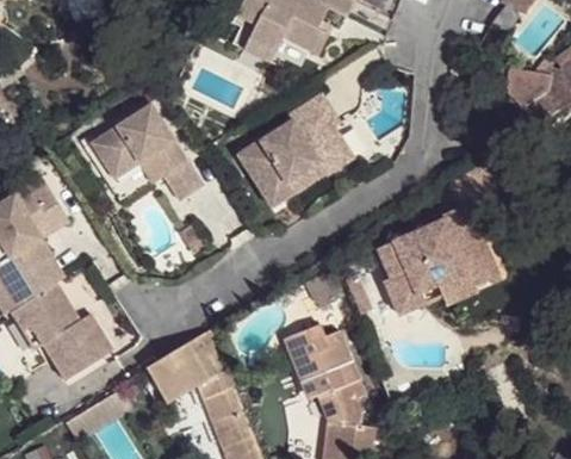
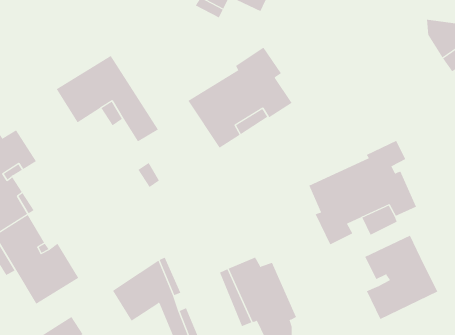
building: none -> [364,235,438,320]

